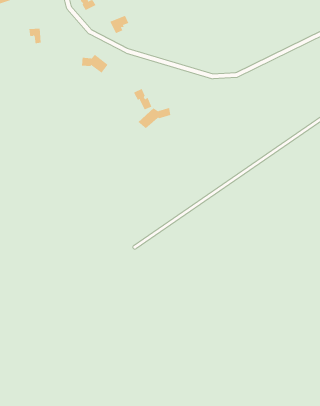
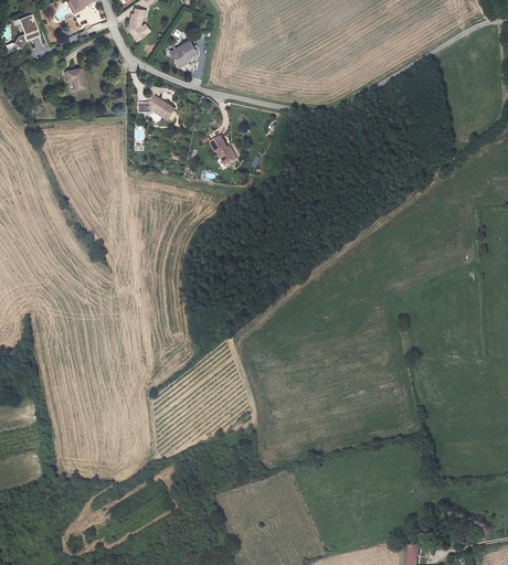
building: [137,107,171,129] -> none

